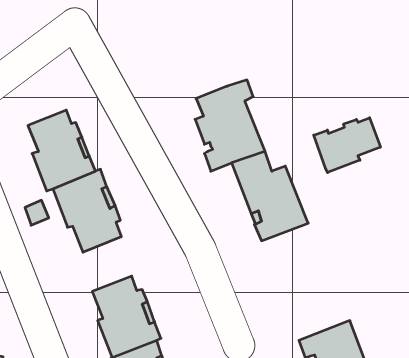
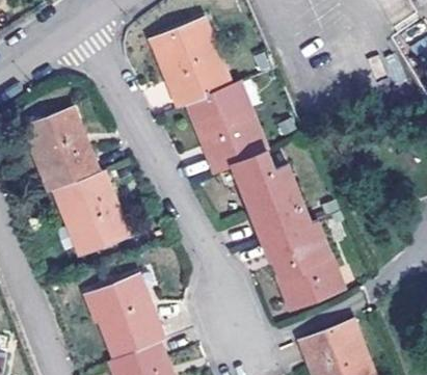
building: none -> [161,24,229,108]
building: [314,118,380,173] -> none
building: none -> [263,222,335,305]

